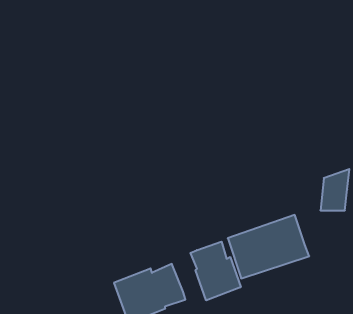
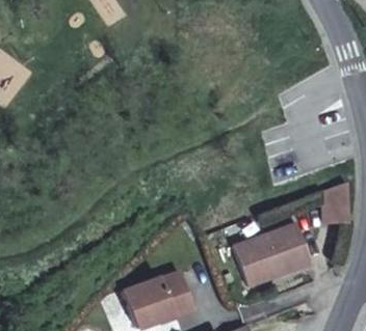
building: [190,242,241,300] -> none

